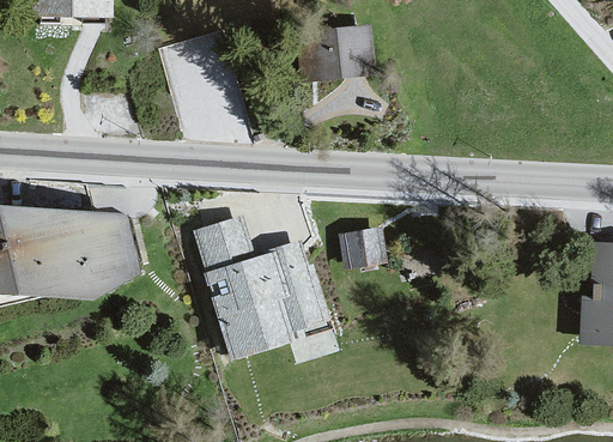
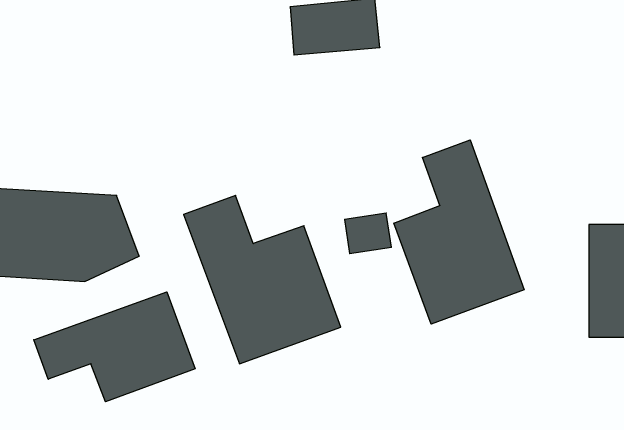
building: none -> [394,140,524,324]
building: none -> [34,292,195,402]

